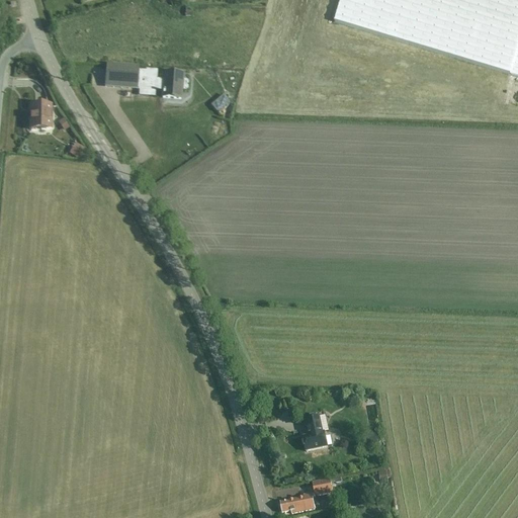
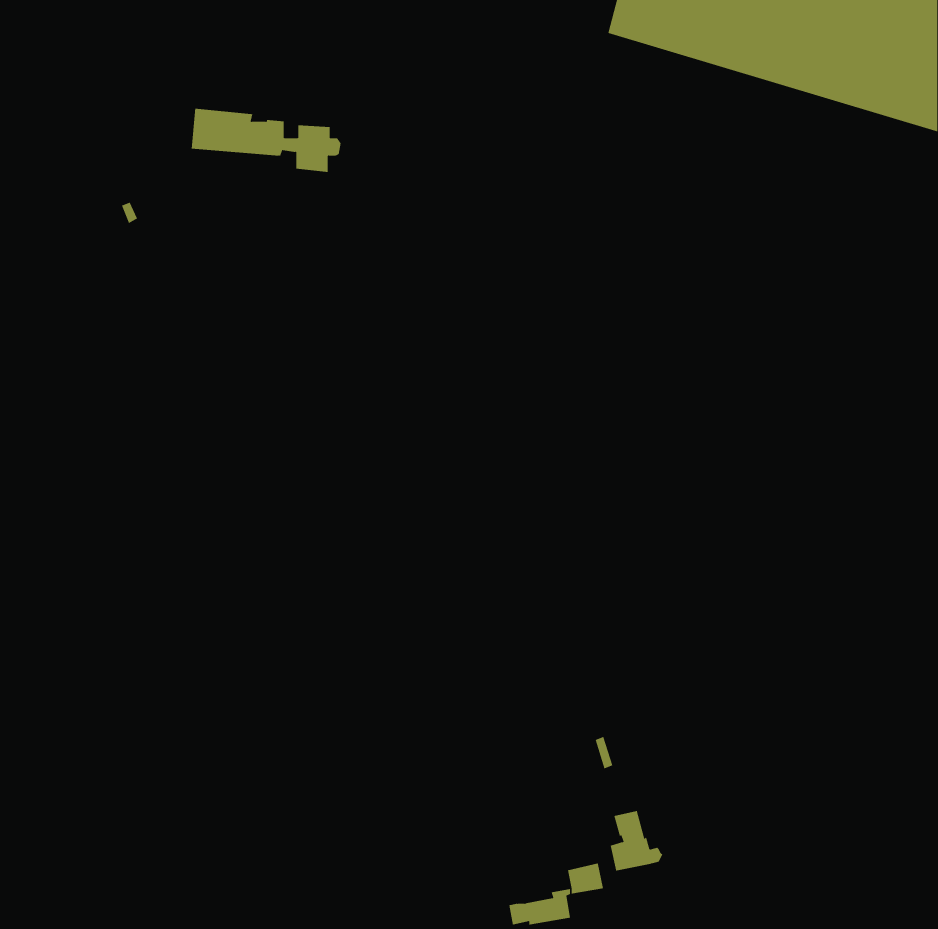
building: [31,102,50,124] -> none
building: [304,414,333,447] -> [610,810,663,871]

